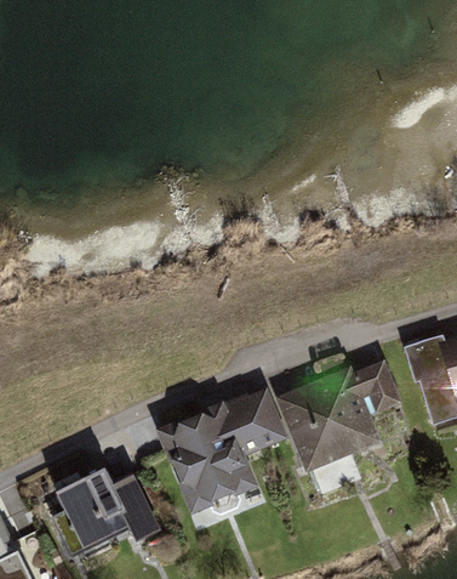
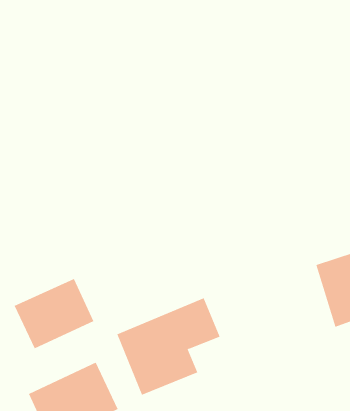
building: [280,357,402,492] -> none
building: none -> [14,278,94,349]

